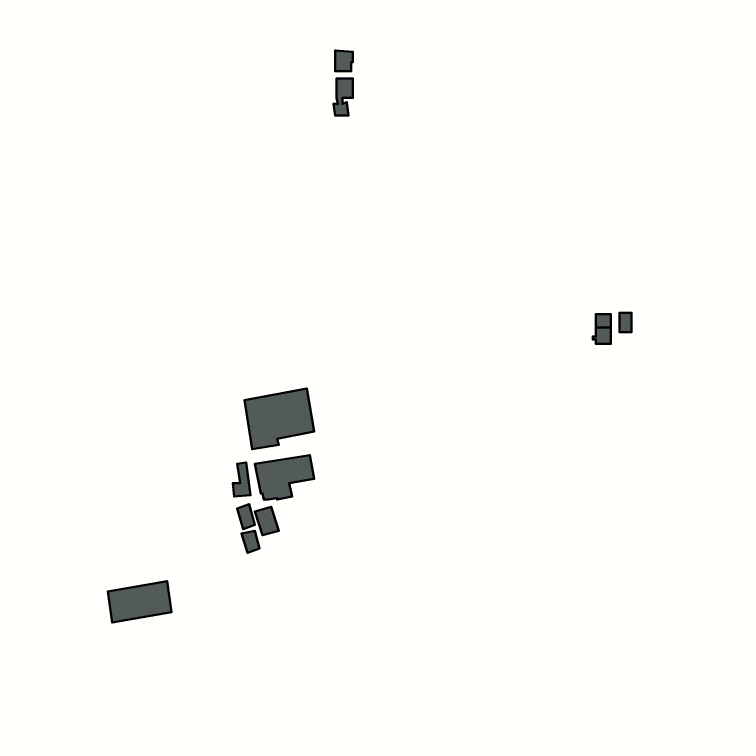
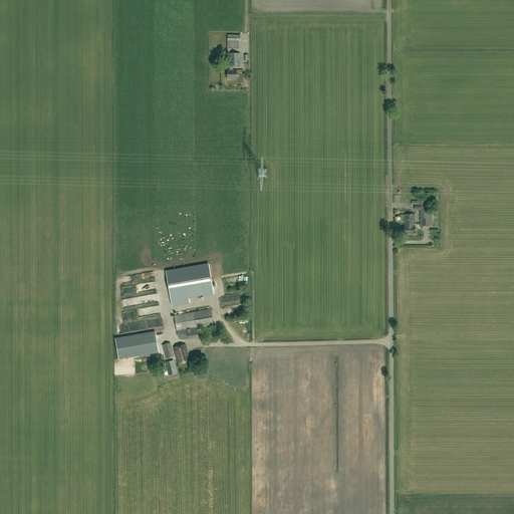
building: [108,581,172,623] -> [114,330,158,358]

